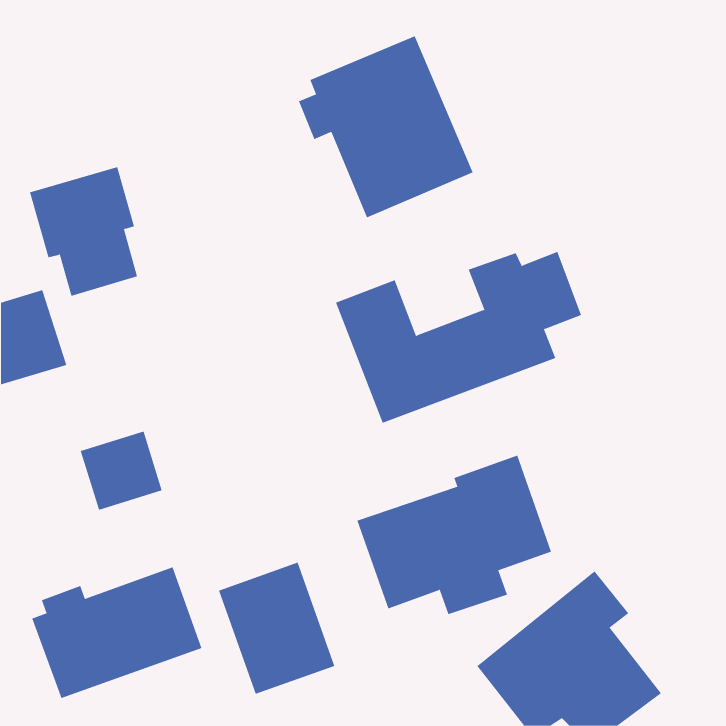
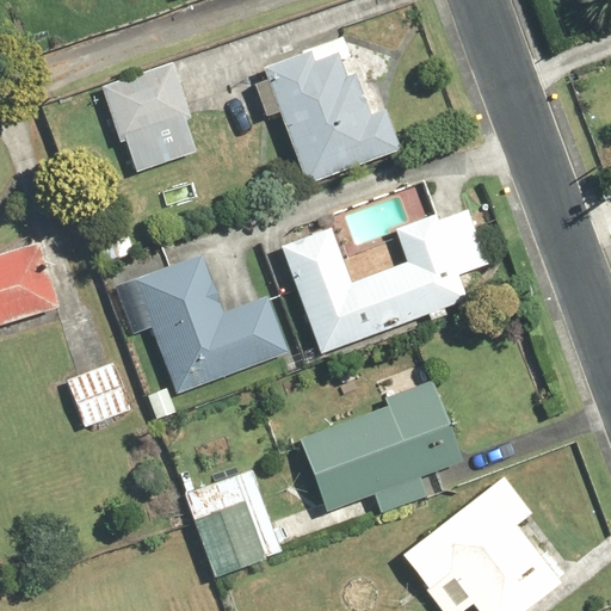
building: [29,167,138,296] -> [101,64,192,173]
building: none -> [115,253,286,393]
building: [31,566,202,699] -> none

